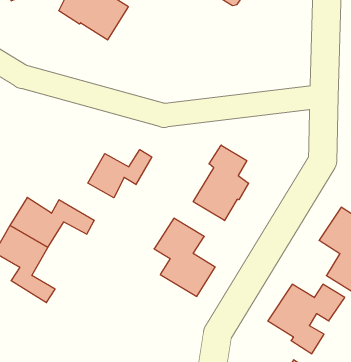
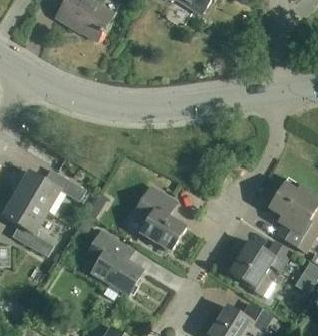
building: [193,145,249,221] -> none
building: [88,150,152,198] -> none
building: none -> [85,231,143,297]

